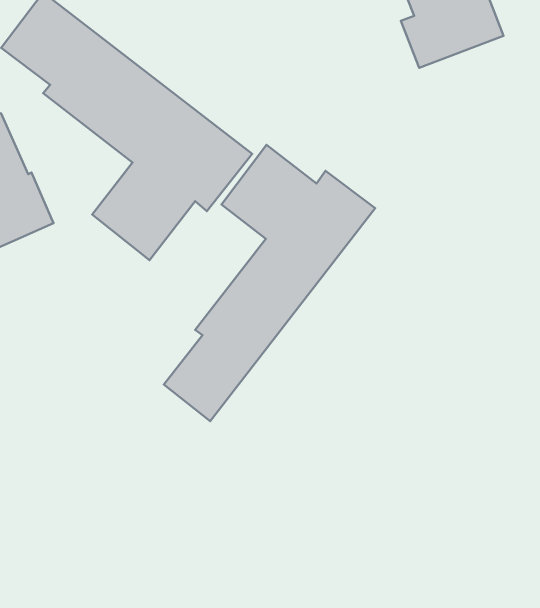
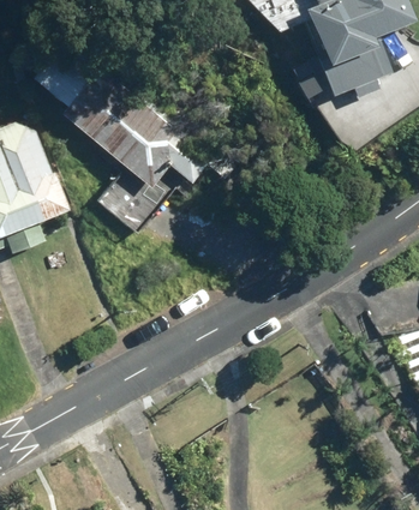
building: [164,145,375,421] -> none

